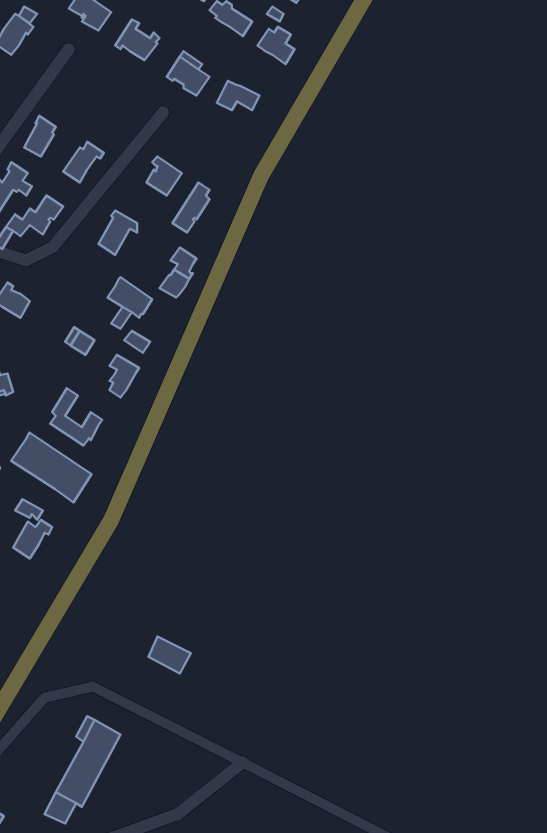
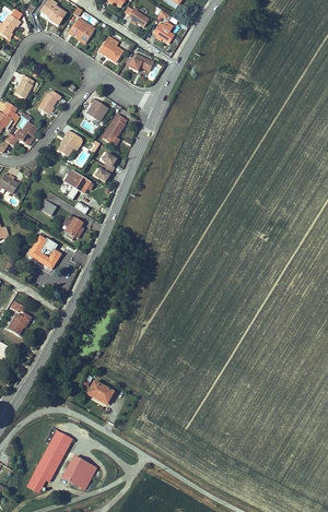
building: [11,433,92,502] -> none
building: none -> [63,456,96,489]

